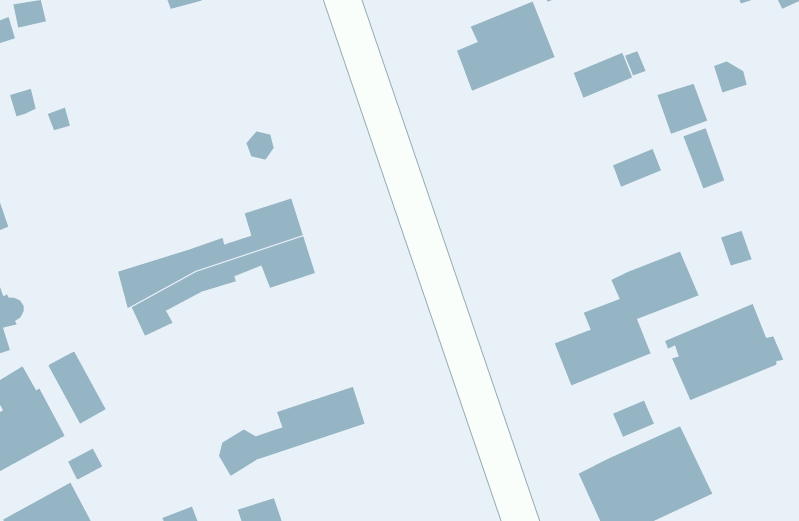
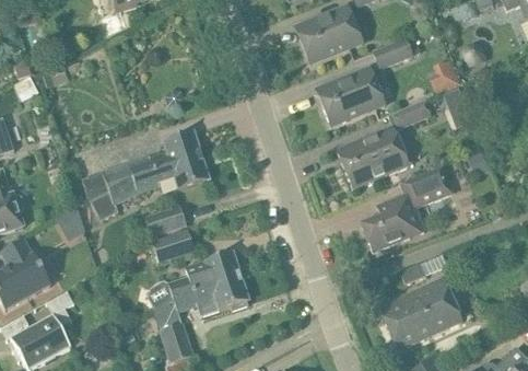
building: none -> [316,67,385,125]
building: [664,303,784,401] -> [337,125,413,187]
building: none -> [144,205,187,235]
building: [48,351,106,425] -> none
building: none -> [152,229,195,262]
building: none -> [155,275,249,320]

